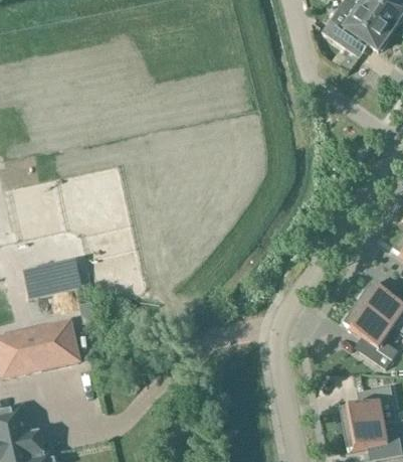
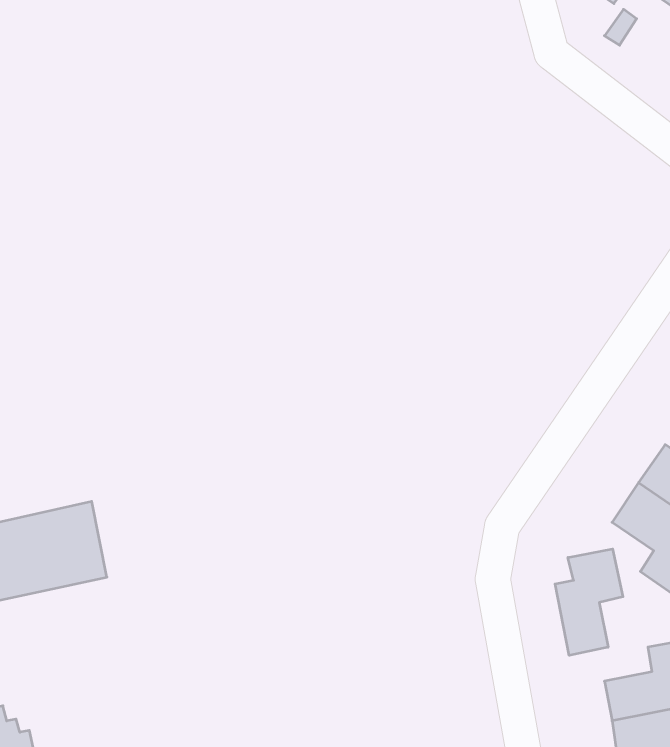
building: [23,262,80,298] -> none
building: none -> [555,549,623,655]

